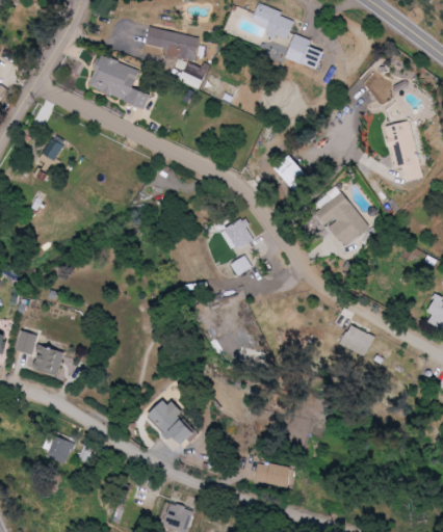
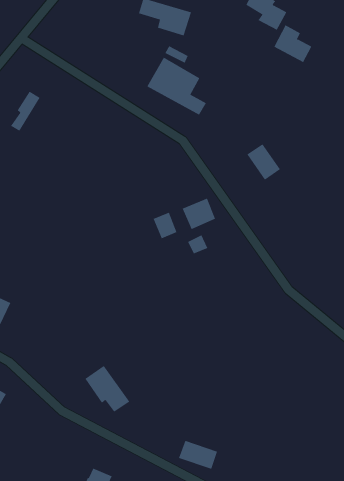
building: [86,54,149,107] -> [146,57,207,116]
building: [315,191,368,245] -> none
building: none -> [153,212,177,239]
building: [340,325,373,355] -> none

